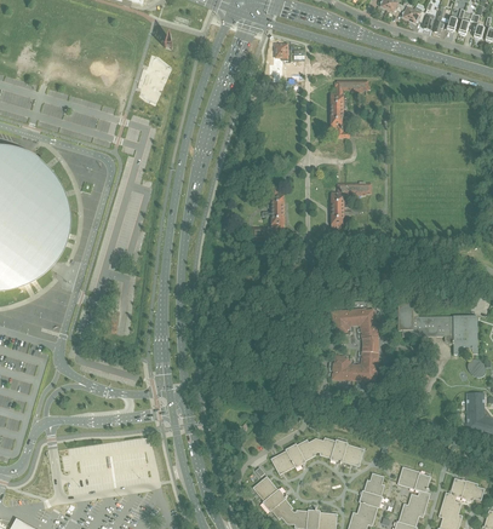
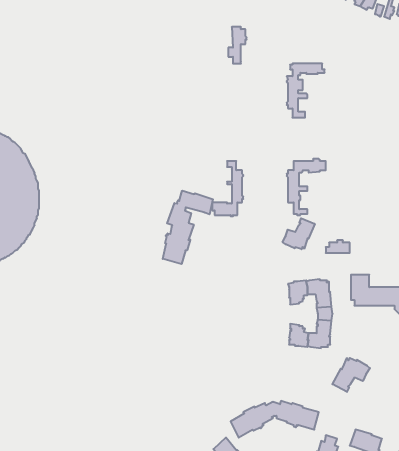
building: none -> [163,191,213,264]
building: none -> [283,218,315,249]
building: none -> [332,358,370,392]

